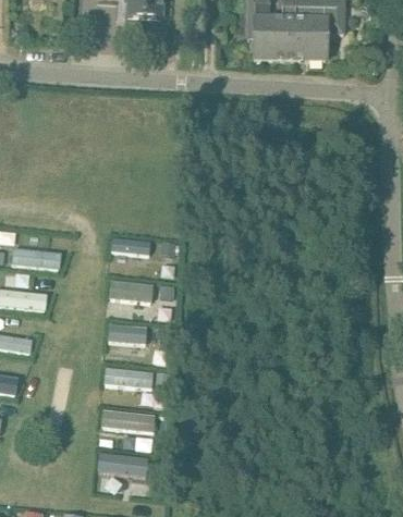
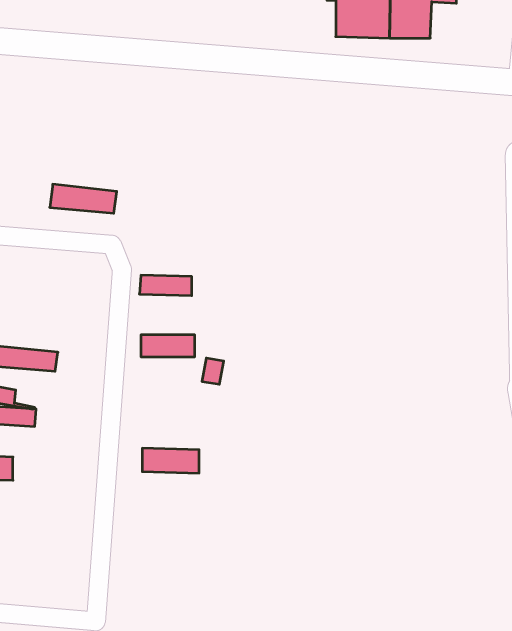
building: [9,247,59,269] -> [50,184,117,213]
building: [109,324,144,342] -> none
building: [110,411,151,430] -> none
building: [93,453,137,473] -> none

